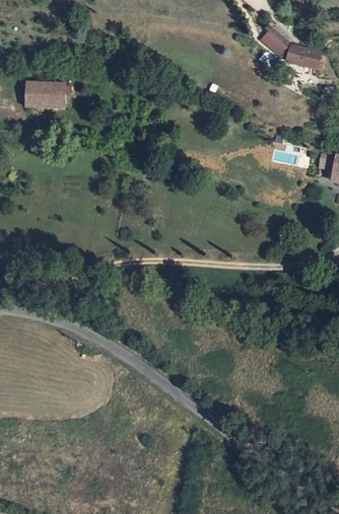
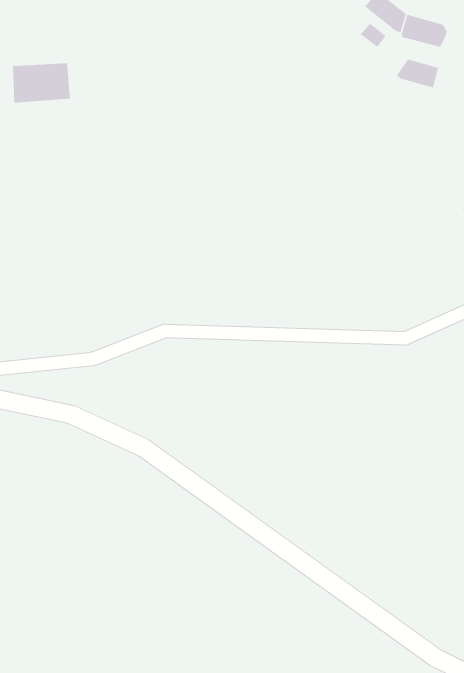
building: none -> [396,58,439,88]

